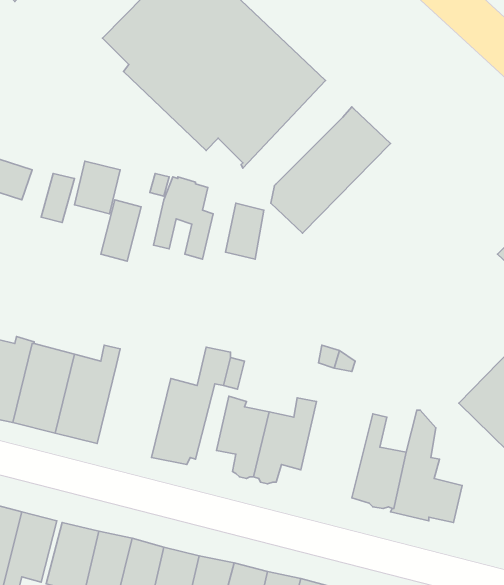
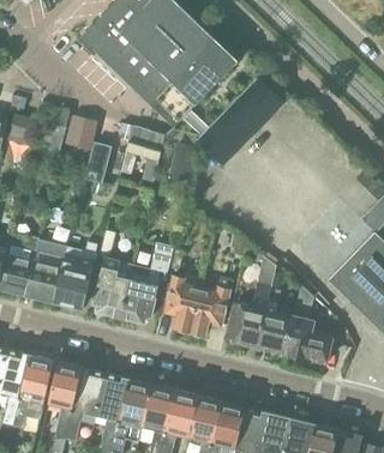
building: none -> [92,259,132,319]
building: none -> [228,283,271,346]

